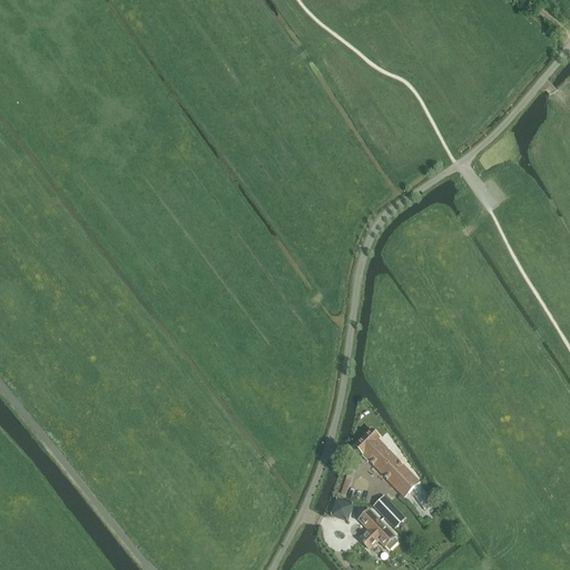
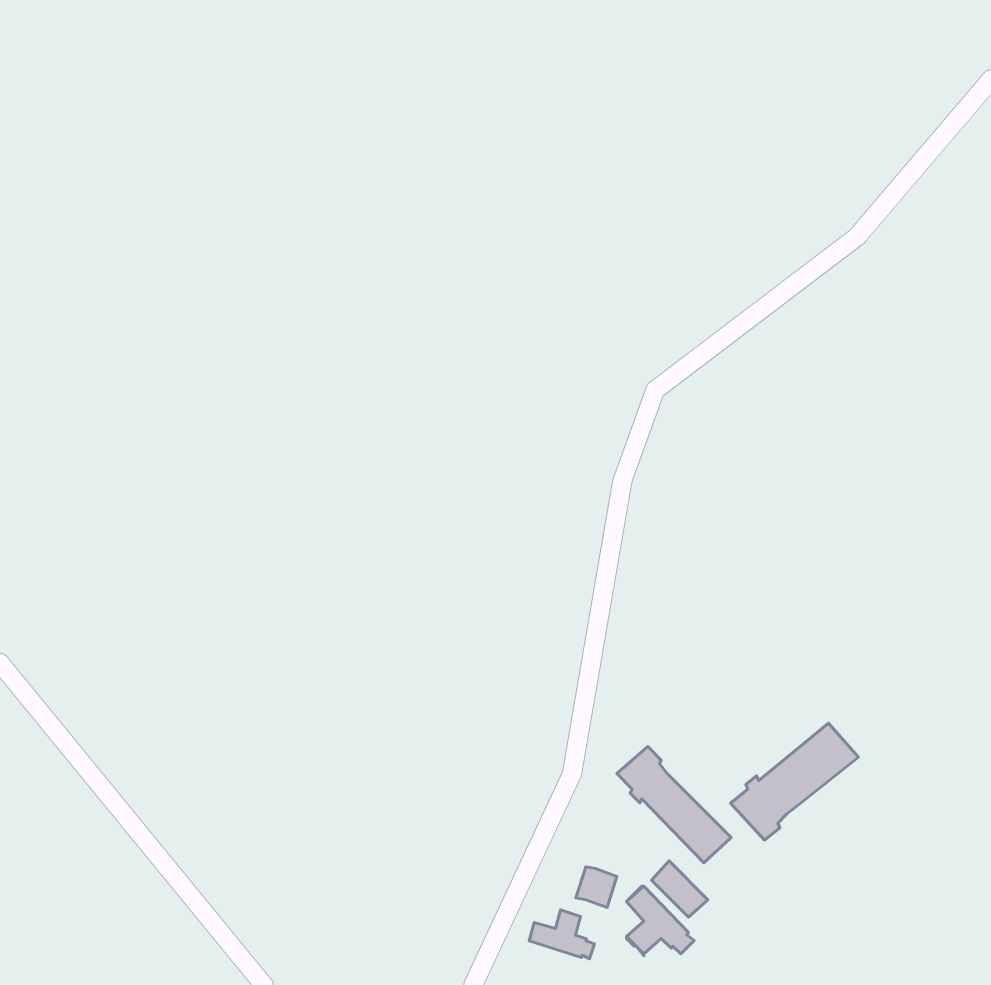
building: none -> [730,723,859,840]
building: none -> [529,910,595,959]

